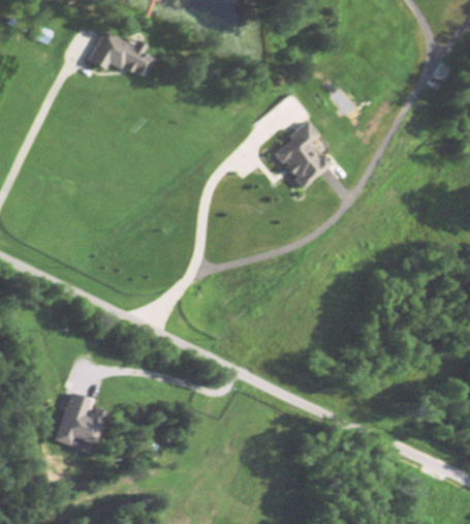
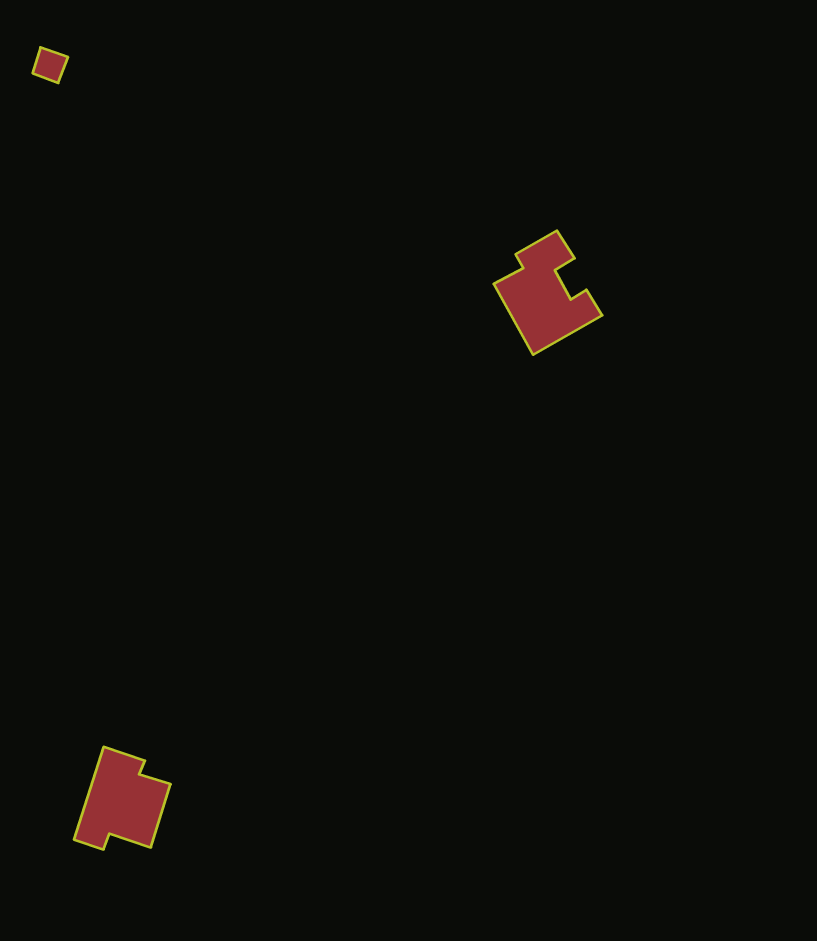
building: [85,32,150,78] -> none

